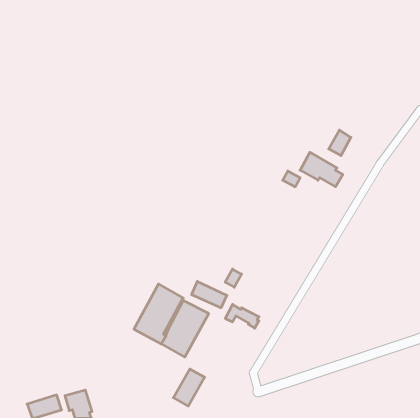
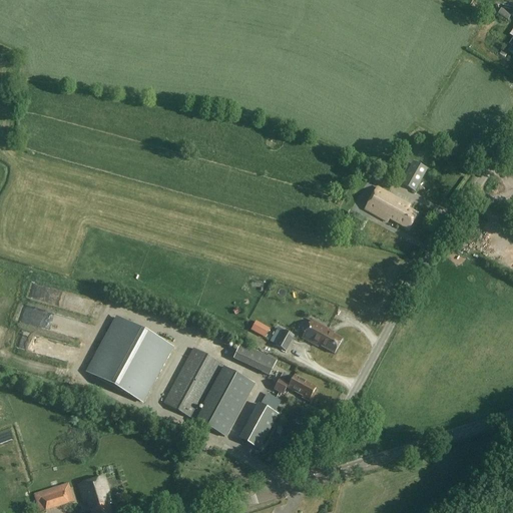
building: none -> [86,315,173,401]
building: none -> [303,319,343,352]
building: [173,369,205,406] -> [240,403,279,448]

